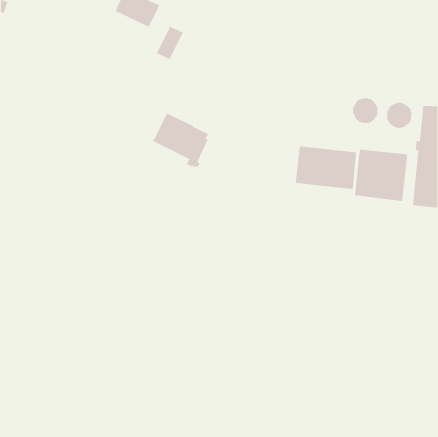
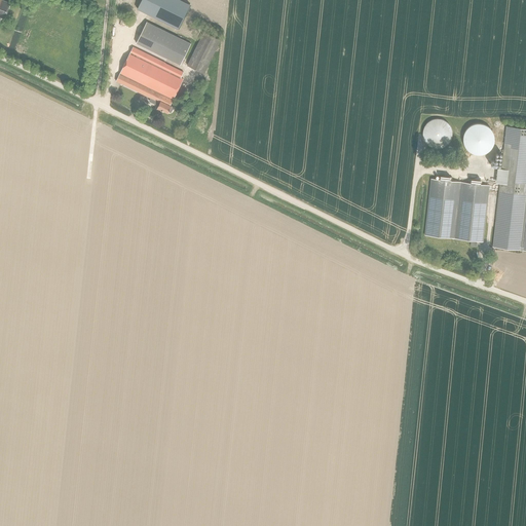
building: none -> [136,21,191,64]
building: [153,113,209,168] -> [116,46,184,112]
building: [295,146,357,190] -> none

